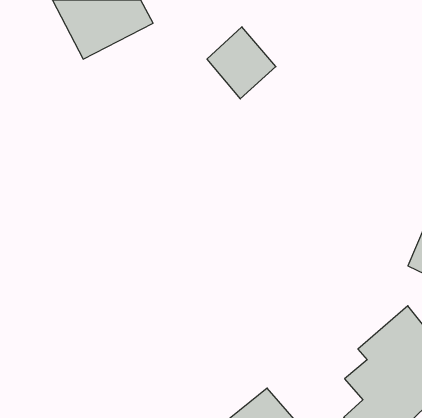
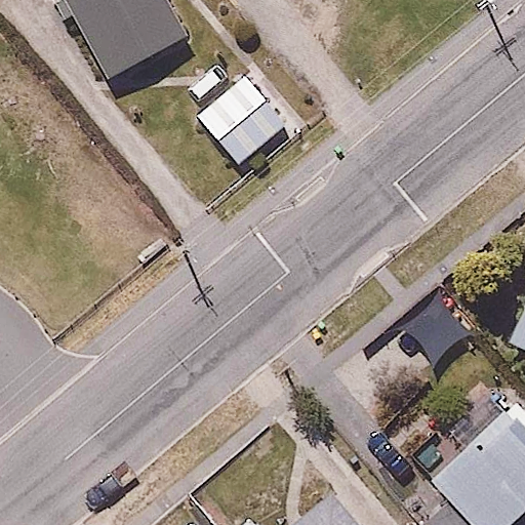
building: [207,27,276,99] -> [204,81,289,170]

